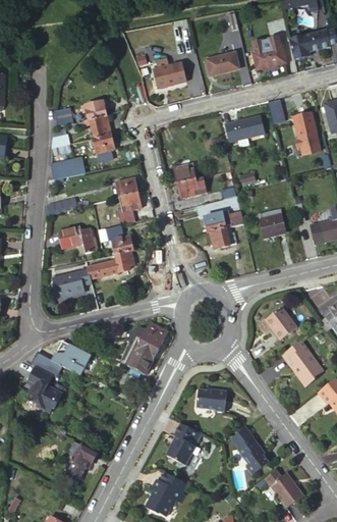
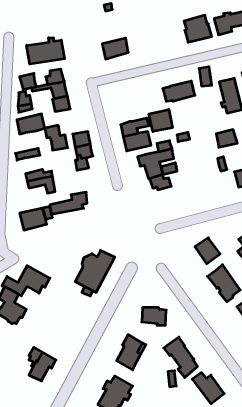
building: [206,52,238,74] -> none
building: none -> [27,38,65,64]
building: none -> [149,109,172,132]
building: [261,215,286,237] -> [216,130,237,147]
building: [105,223,132,253] -> [45,126,68,150]

